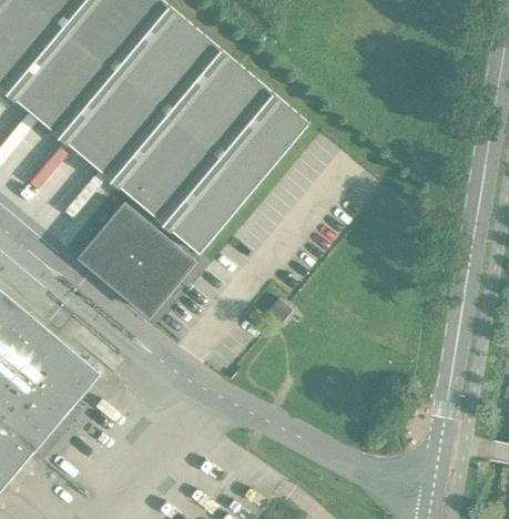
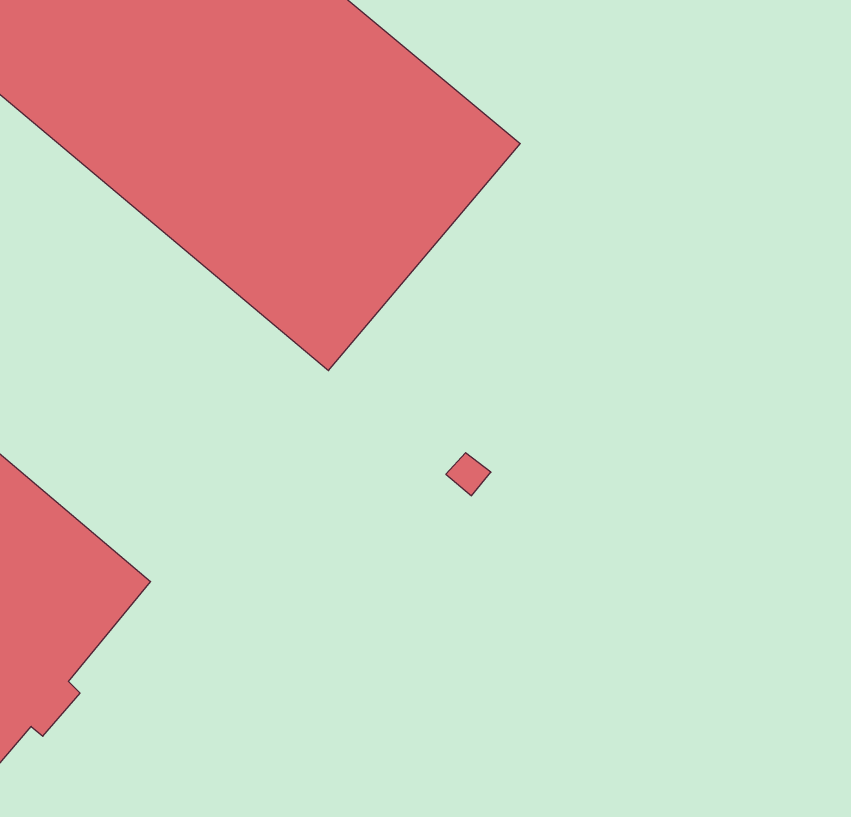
building: [81,205,191,314] -> none

